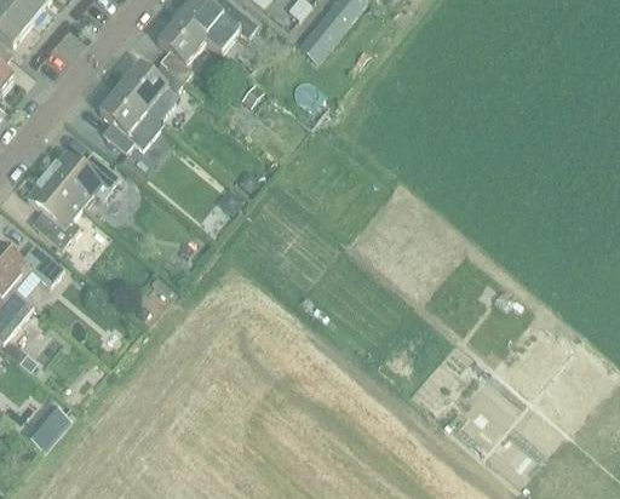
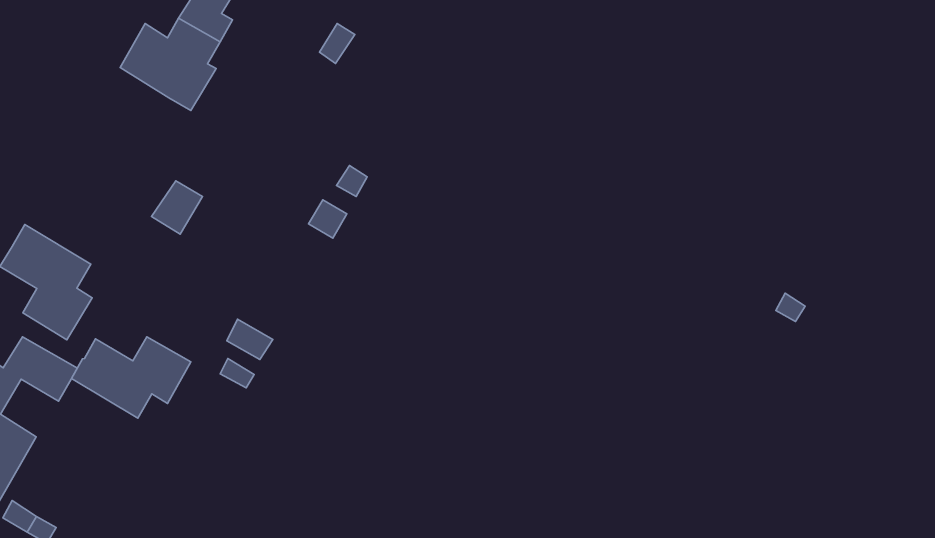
building: [97,87,160,151] -> none
building: [45,151,119,203] -> [72,337,191,418]

